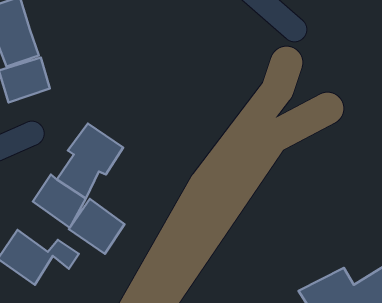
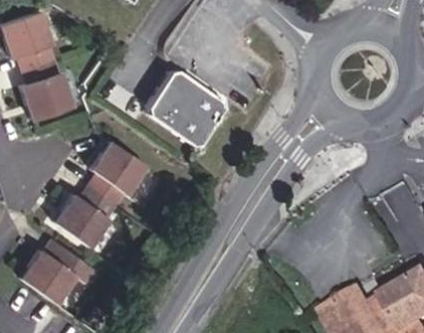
building: none -> [153,72,224,145]
building: [69,199,124,254] -> none

